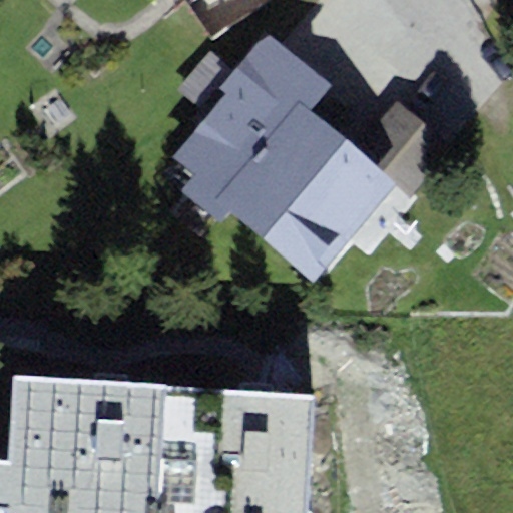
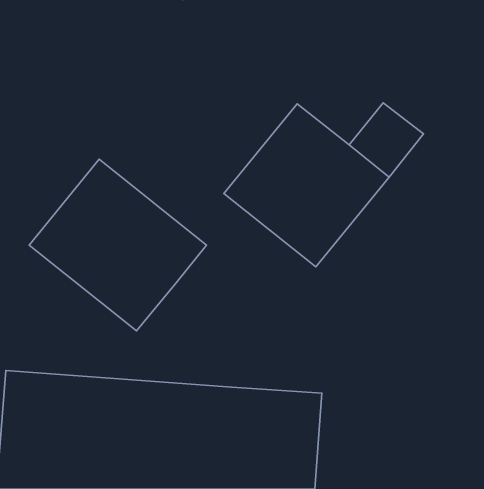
building: [179,65,305,198] -> none
building: none -> [29,159,207,331]

